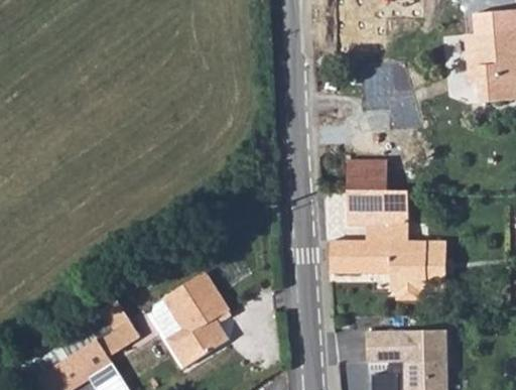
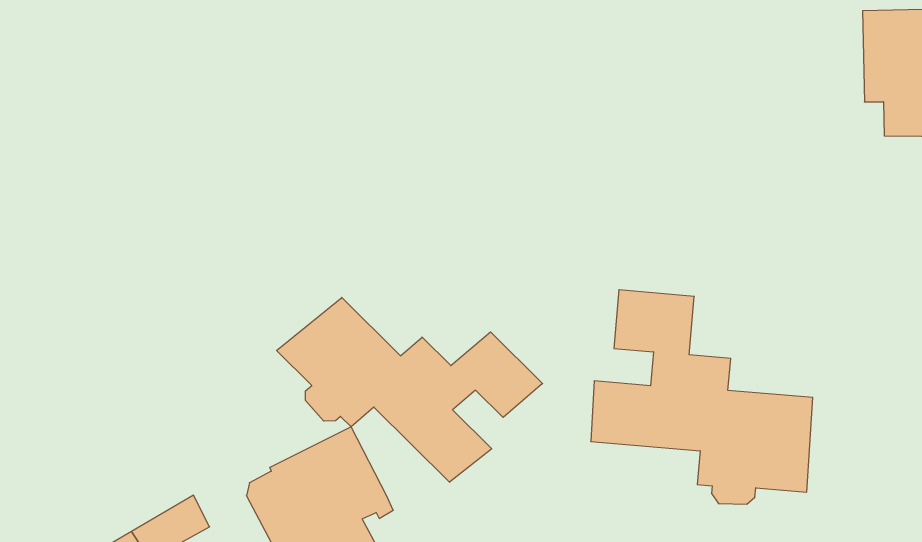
building: [343,158,384,189] -> none
building: none -> [277,297,543,482]

